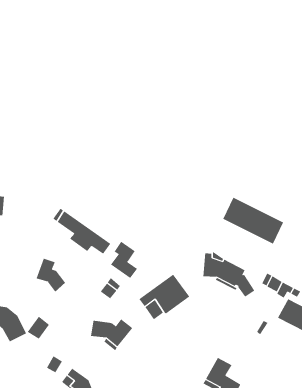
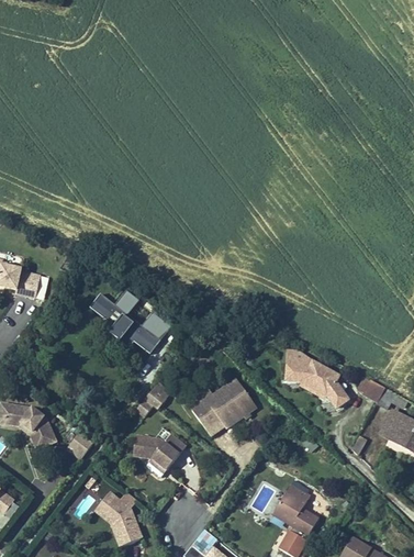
building: [222,197,284,244] -> none
building: [110,241,138,279] -> none
building: [36,258,66,292] -> none

